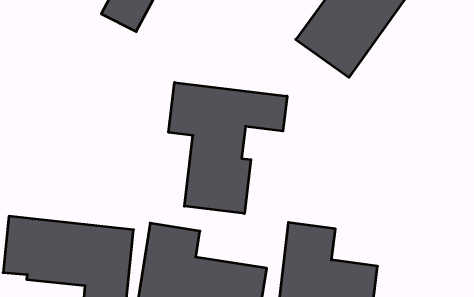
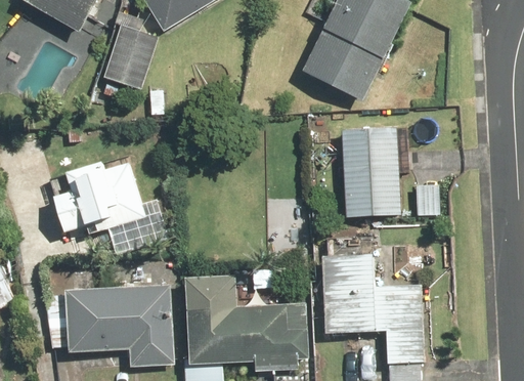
building: [169,82,287,214] -> none
building: none -> [49,160,151,248]
building: none -> [344,128,400,215]

